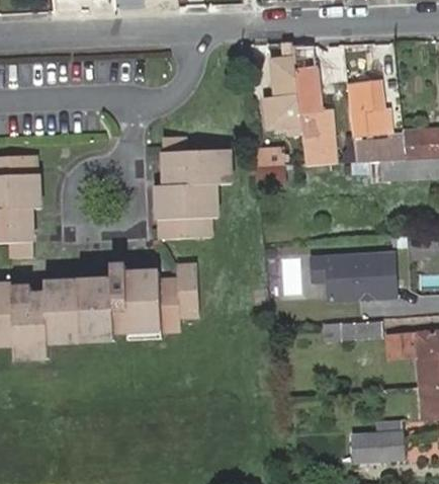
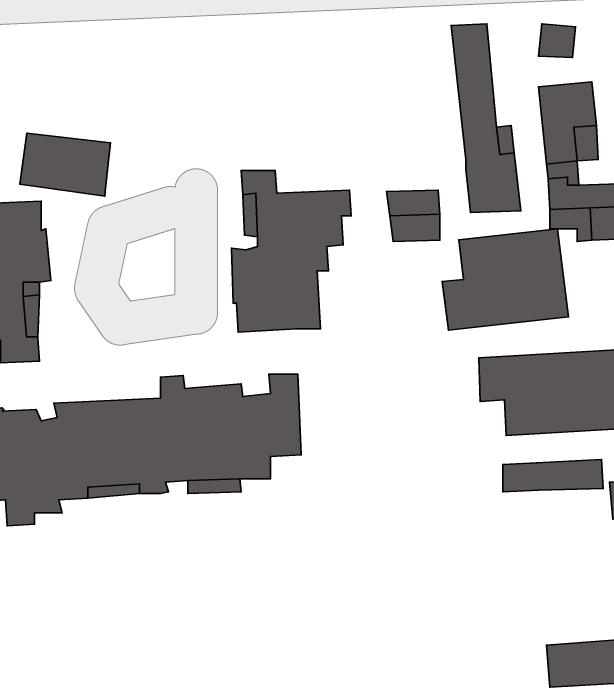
building: [263,39,300,129] -> none
building: none -> [20,133,111,196]
building: none -> [442,229,568,330]

